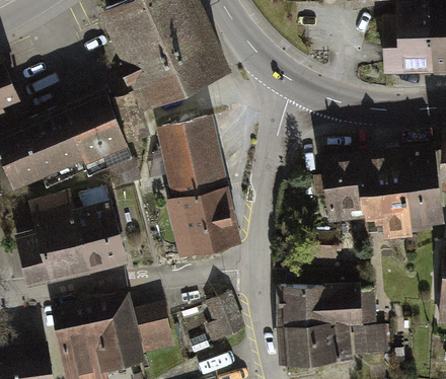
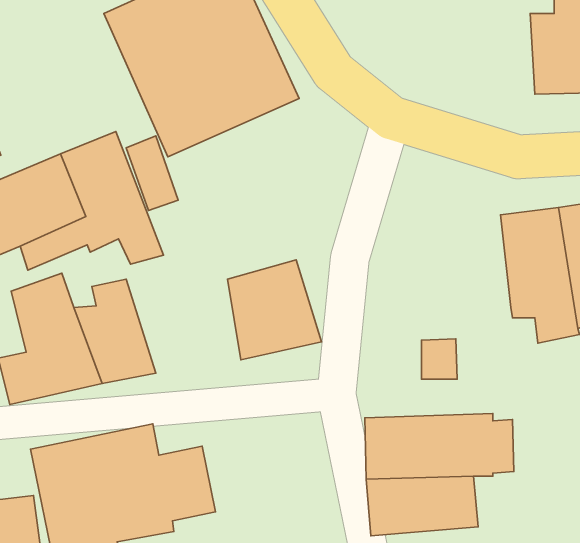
building: [162,116,226,194] -> none
building: [327,150,372,218] -> none
building: [204,295,245,343] -> none
building: [351,327,387,358] -> none

